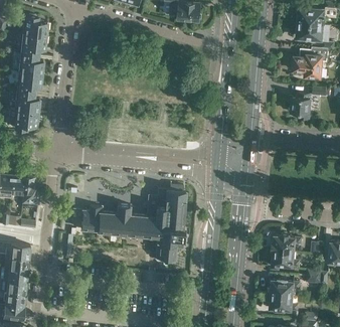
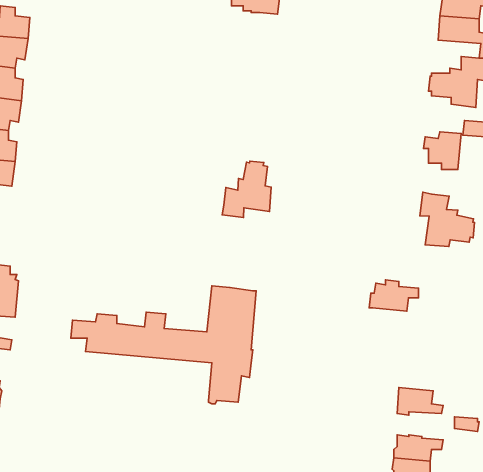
building: none -> [222,161,271,218]
building: none -> [420,192,475,247]
building: [271,233,301,253] -> [369,280,418,311]

